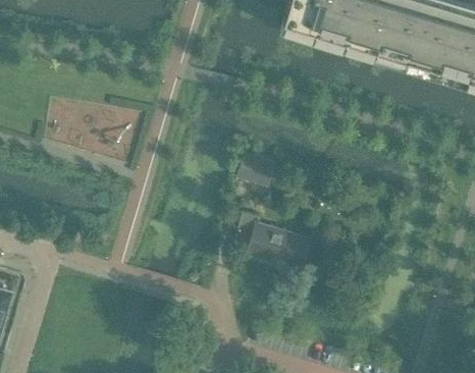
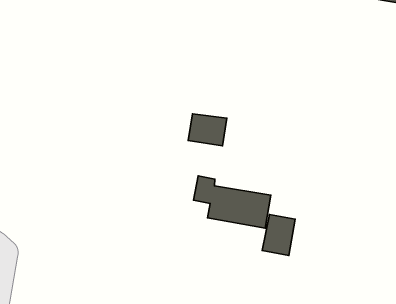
building: none -> [262,215,295,255]

